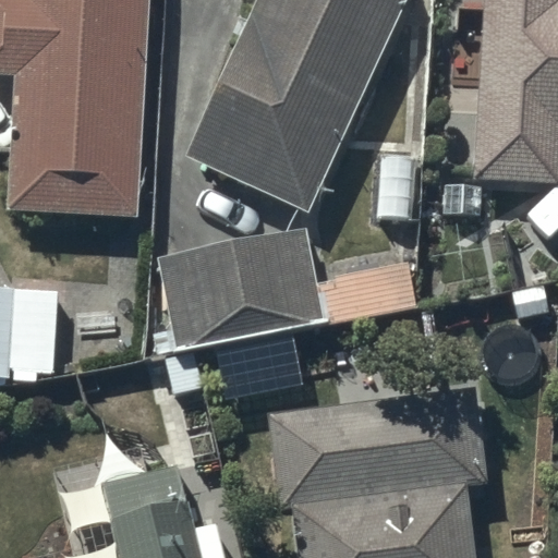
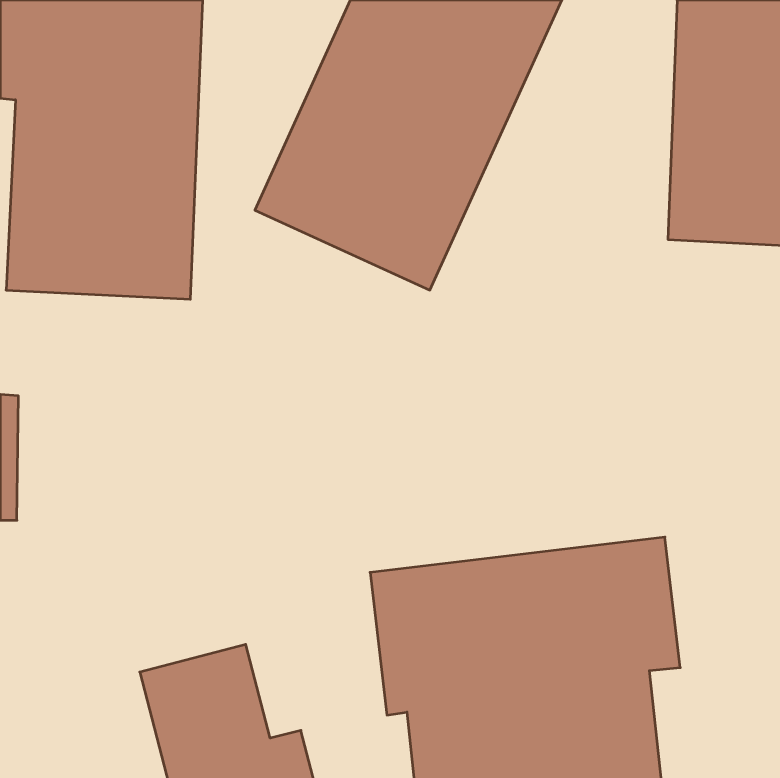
building: [157,229,417,349] -> none

